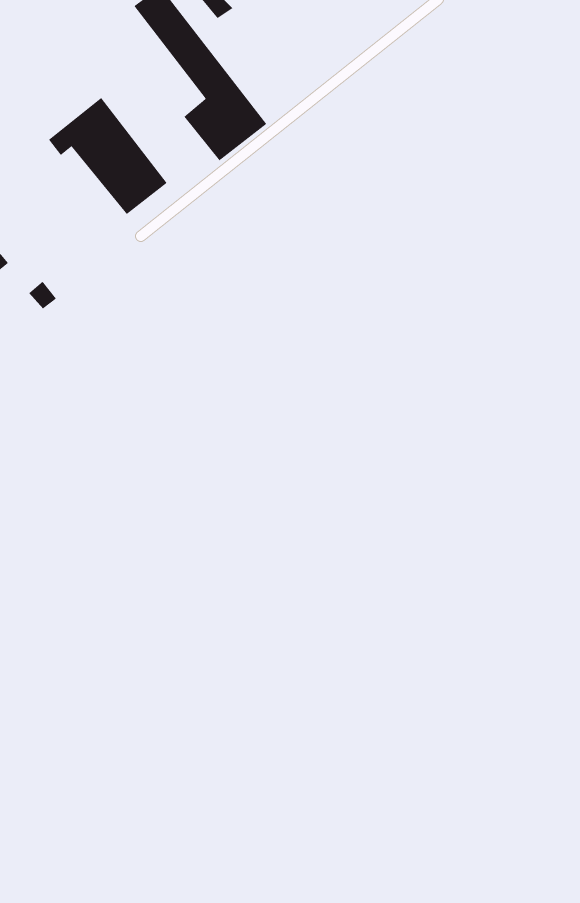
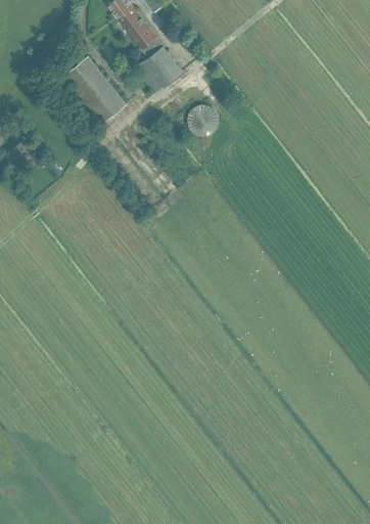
building: none -> [187,104,219,136]

